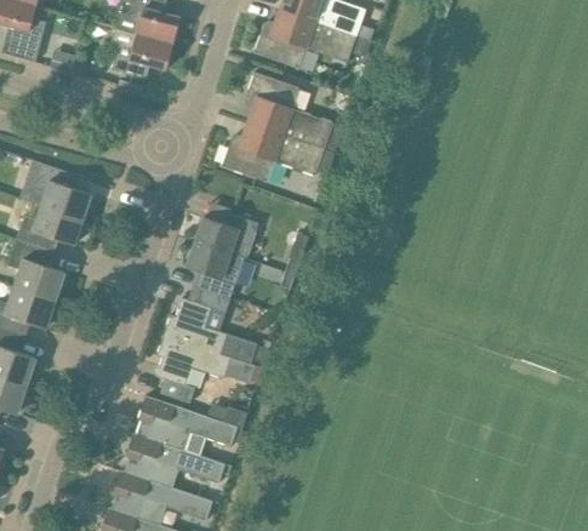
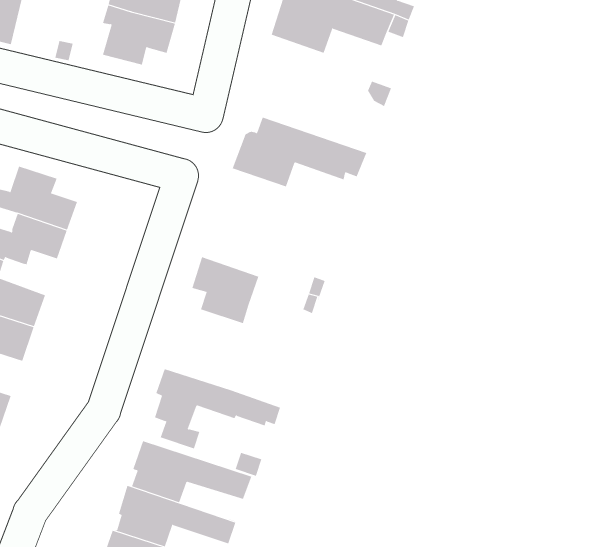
building: [245,72,346,153] -> none
building: [196,213,259,258] -> none
building: [165,285,272,383] -> none

